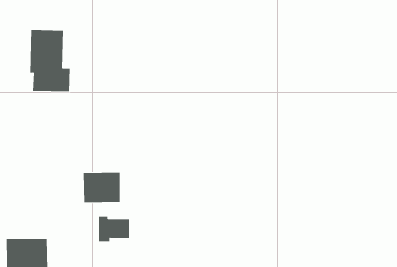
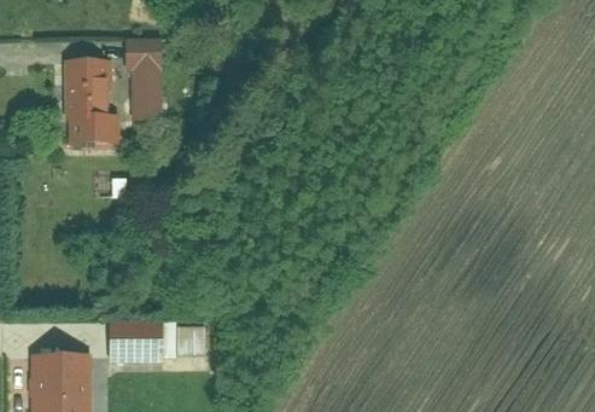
building: none -> [124,46,163,118]
building: [83,172,120,203] -> [107,319,161,362]

